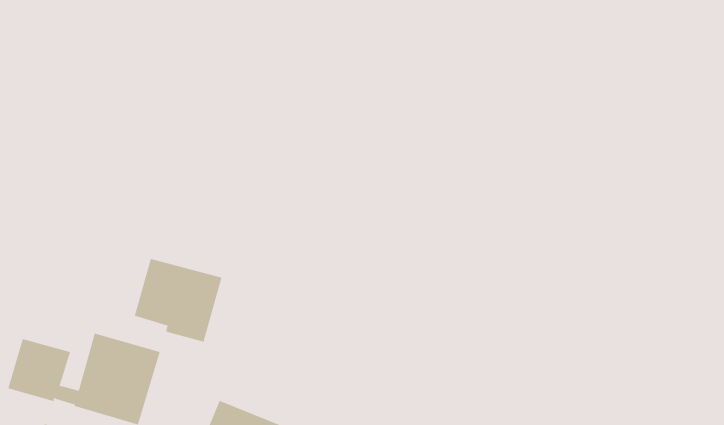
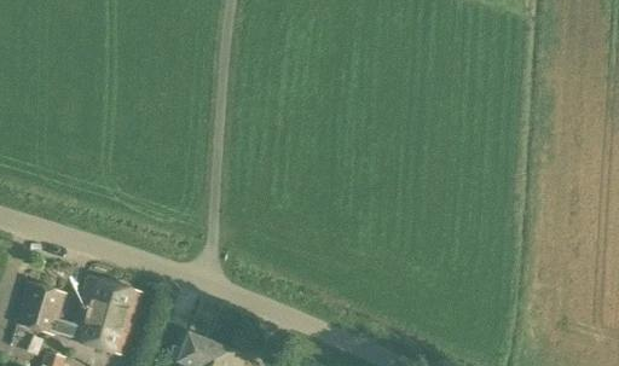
building: [134,258,222,342] -> none

